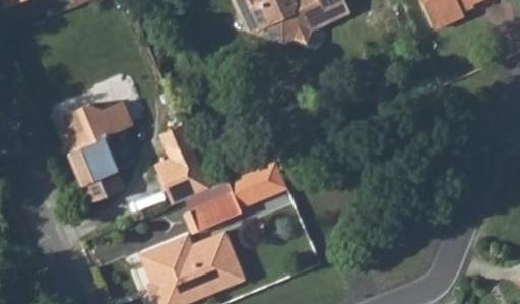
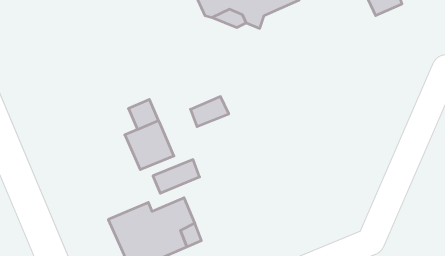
building: [60,100,135,200] -> none
building: [234,177,276,210] -> [190,97,229,127]

